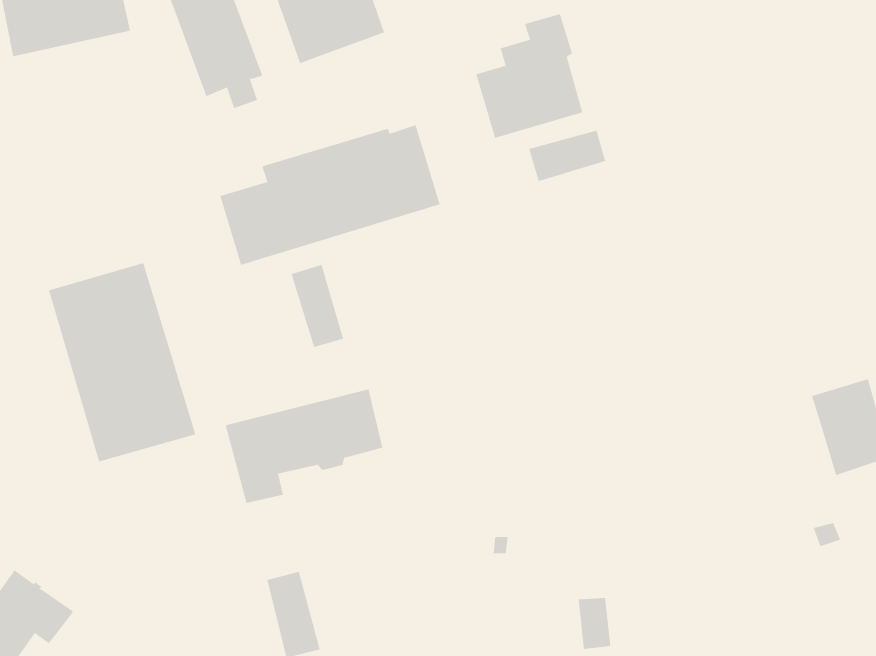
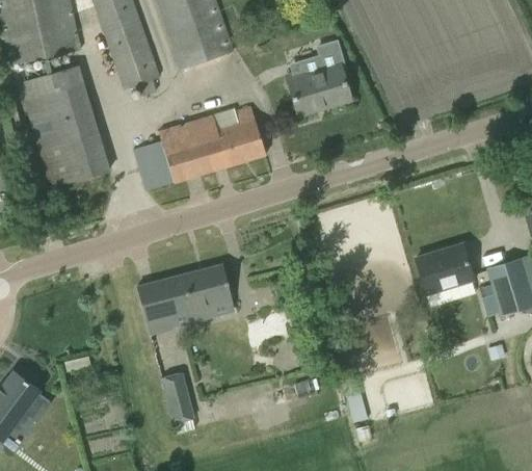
building: [529,130,606,182] -> none
building: [48,262,196,462] -> [22,67,110,186]
building: [291,264,344,348] -> none
building: none -> [417,244,474,293]

